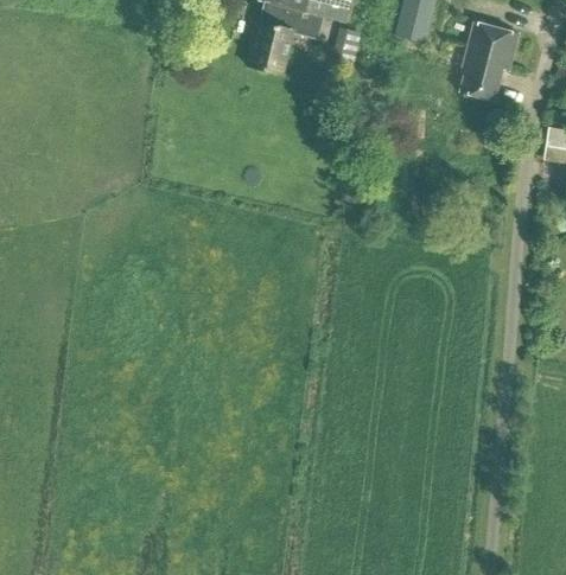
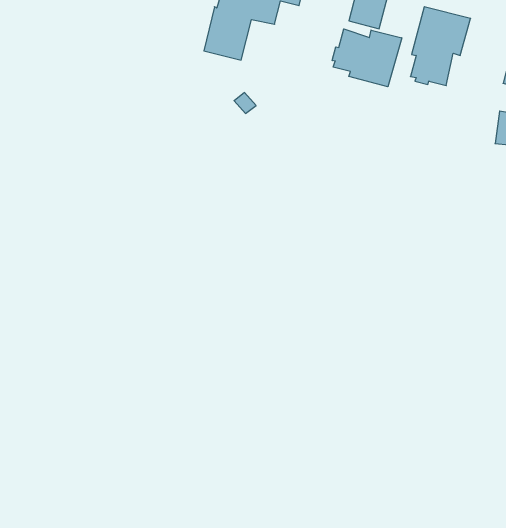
building: none -> [332,29,402,87]

